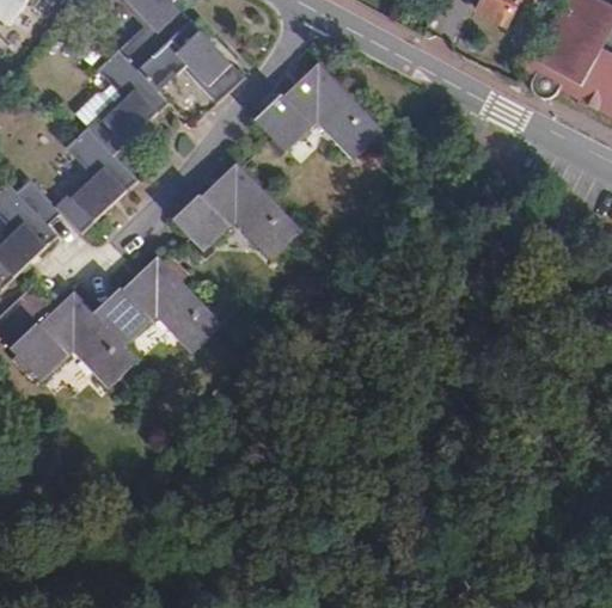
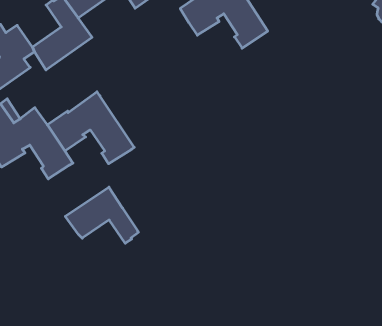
building: [172,161,301,259] -> none
building: none -> [65,187,138,243]

